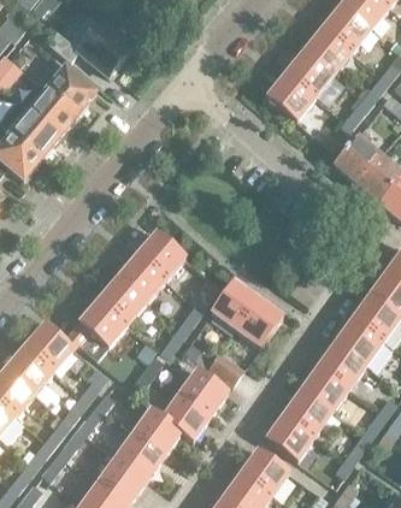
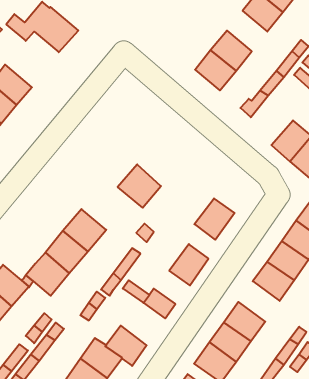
building: [305,26,352,73] -> none
building: [46,67,95,116] -> none
building: [334,135,382,183] -> none
building: [135,231,185,282] -> [118,164,161,208]
building: [213,282,260,330] -> [194,198,235,240]
building: [318,342,366,389] -> none
building: [181,370,229,417] -> none

